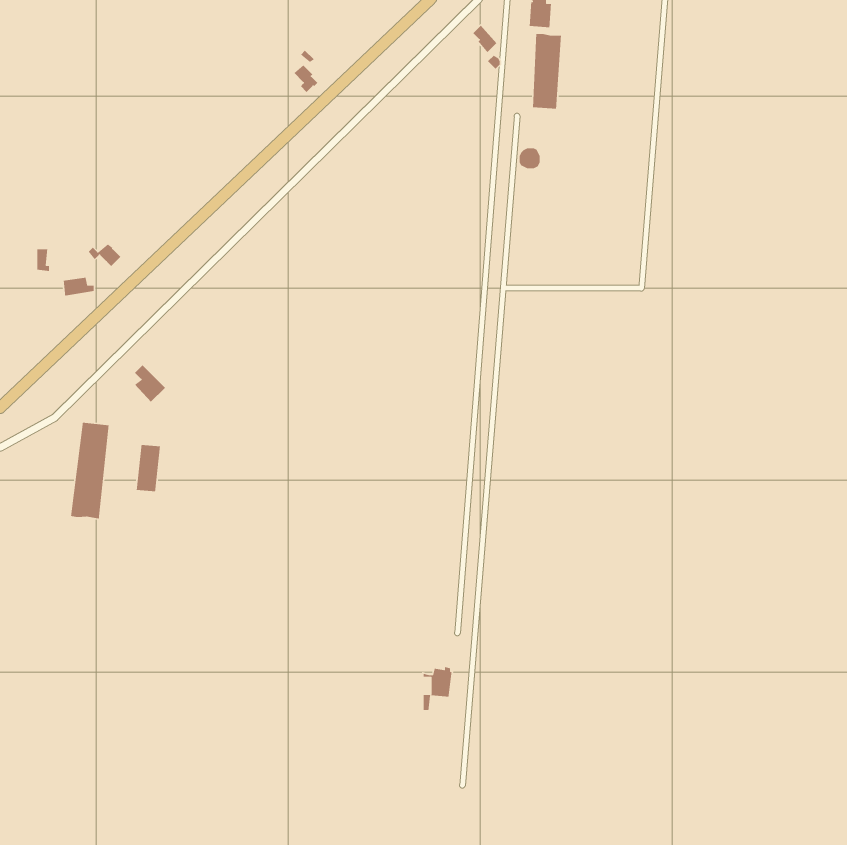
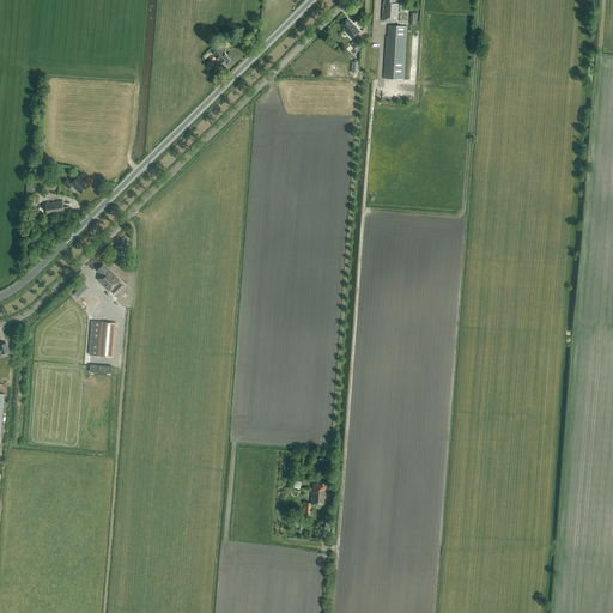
building: [70,422,110,520] -> none

